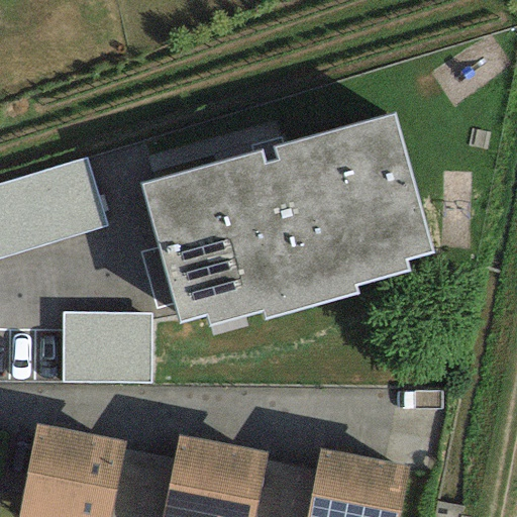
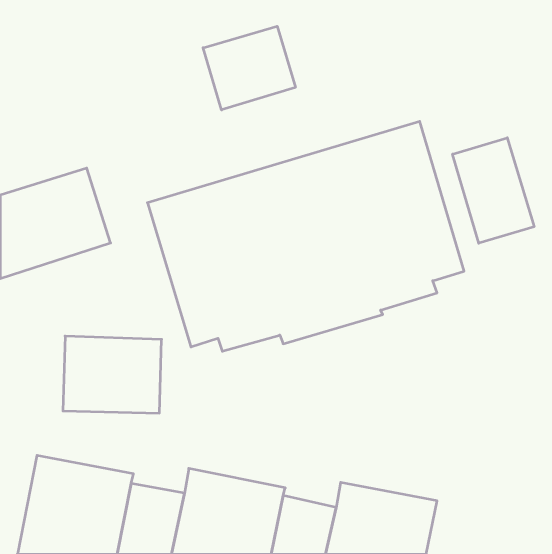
building: none -> [203,26,295,110]
building: none -> [453,138,534,243]

